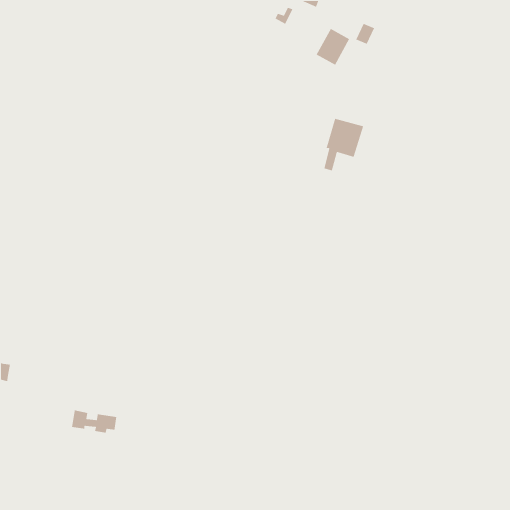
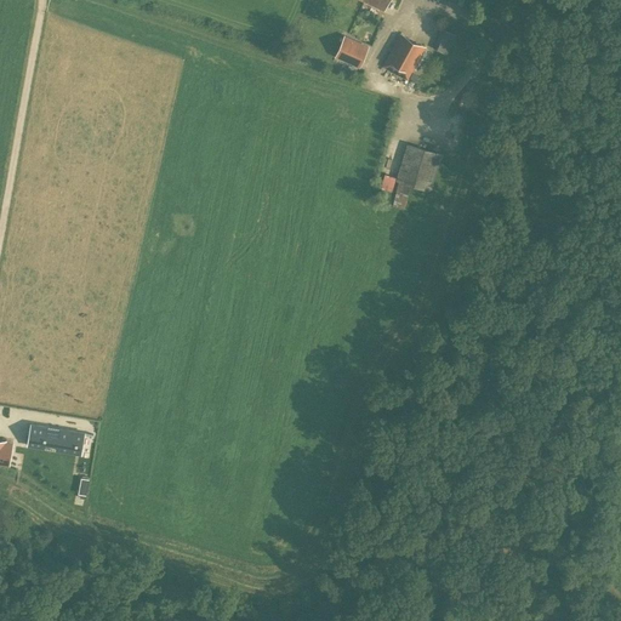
building: none -> [335,35,369,67]
building: [71,410,117,433] -> [28,423,84,452]

